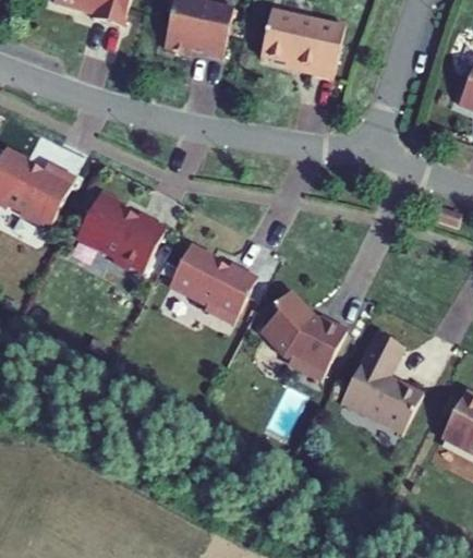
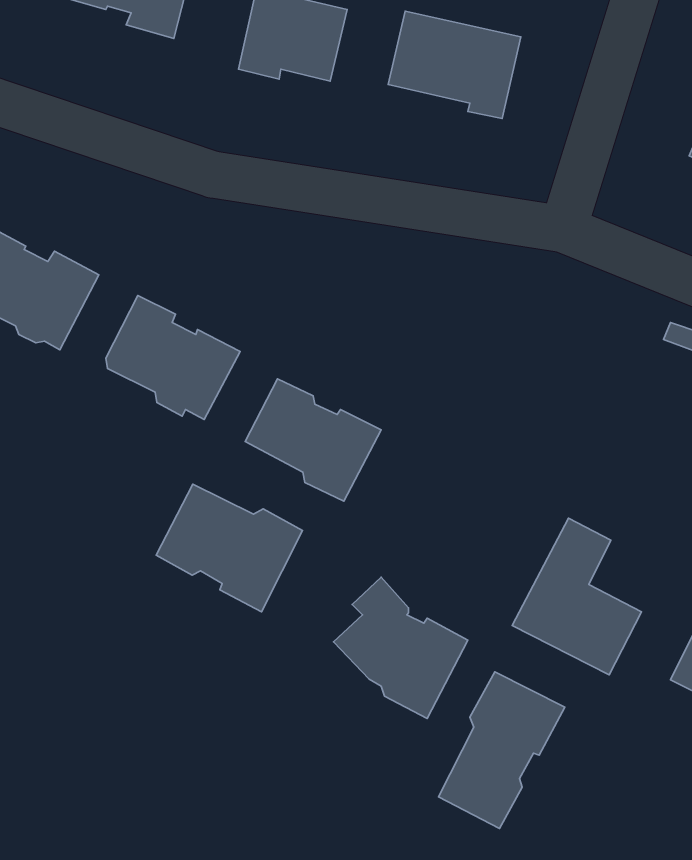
building: [260,290,347,380] -> [334,577,468,718]
building: none -> [156,484,302,612]
building: none -> [438,672,565,828]

